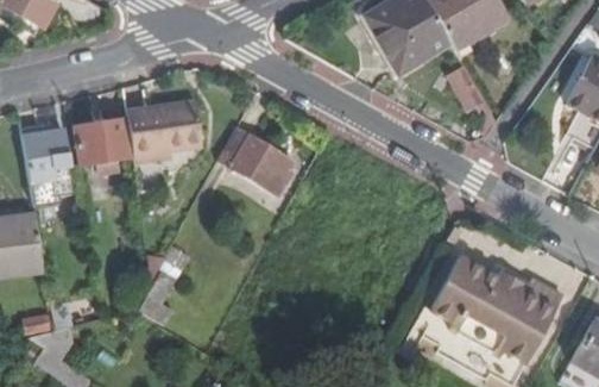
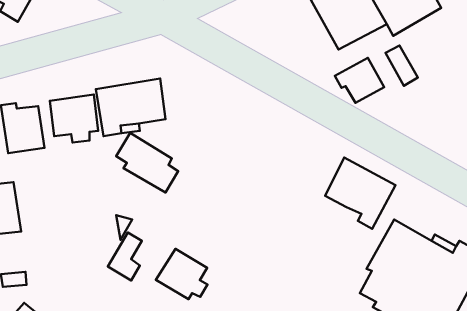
building: none -> [335,58,384,103]
building: [223,127,292,194] -> [116,133,178,193]
building: none -> [325,158,395,229]
building: none -> [156,249,208,299]

